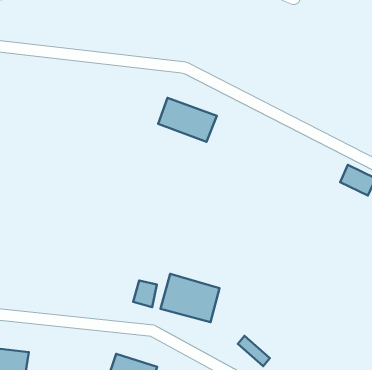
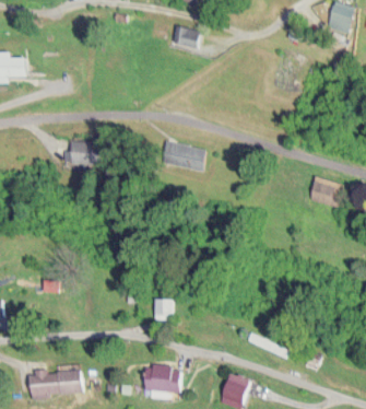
building: none -> [64,144,103,168]
building: [160,274,220,322] -> none

